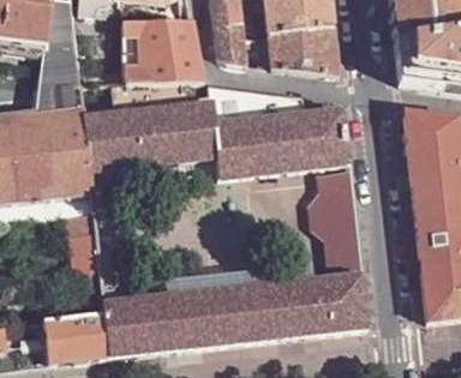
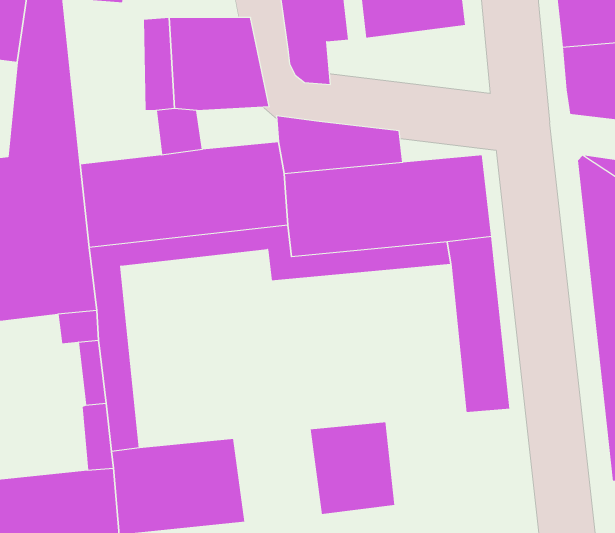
building: [268,24,339,74] -> none
building: [281,272,367,335] -> none
building: [182,286,239,346] -> none

